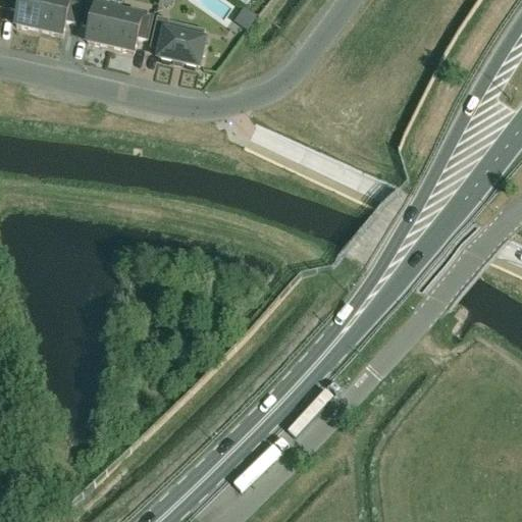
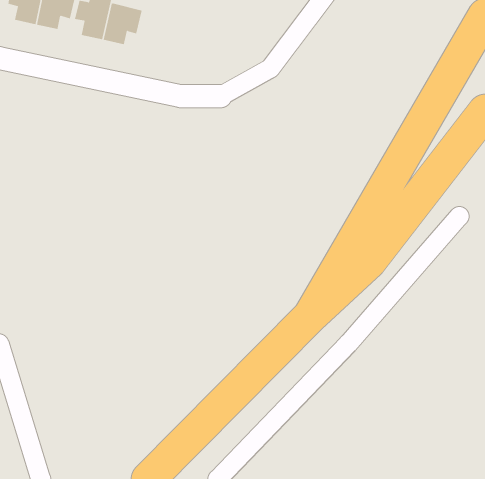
building: [151,12,204,63] -> none

